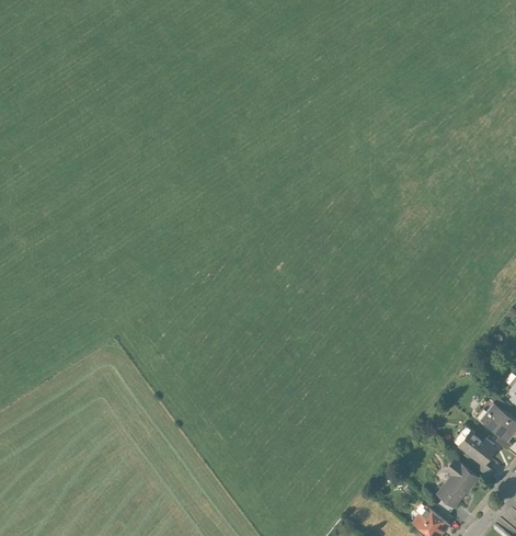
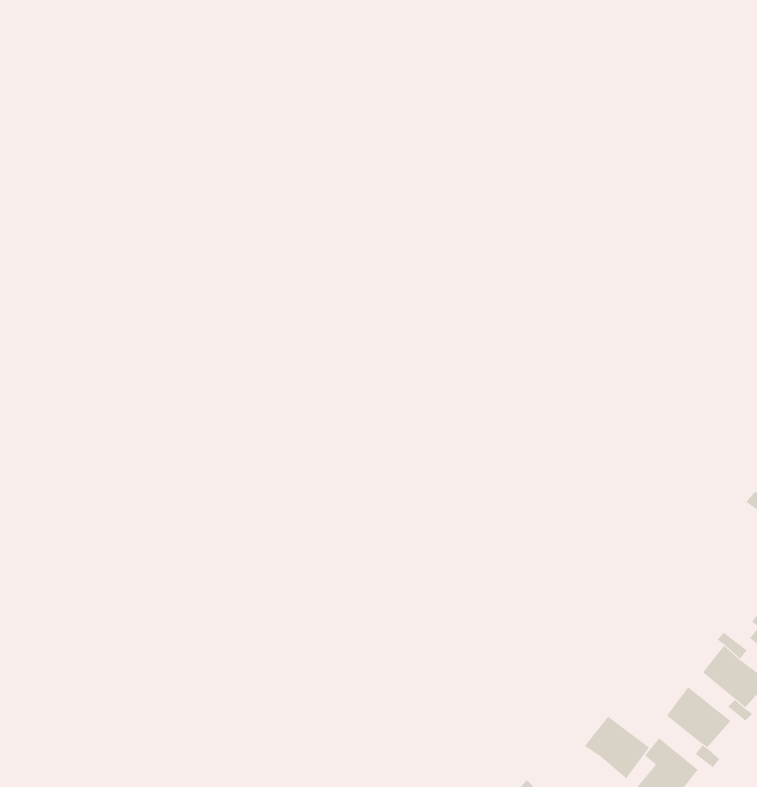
building: none -> [584,716,650,779]

